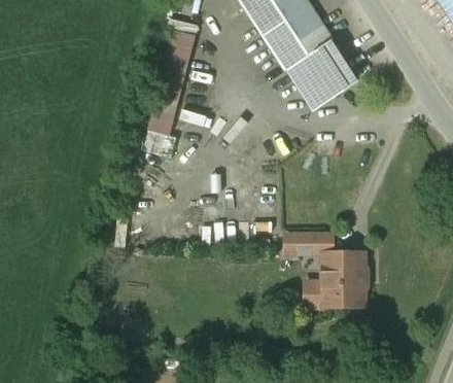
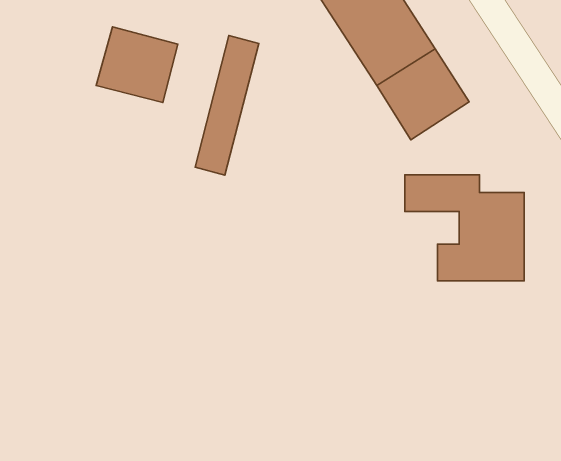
building: none -> [96,27,178,103]
building: [284,232,375,312] -> [405,175,524,281]

